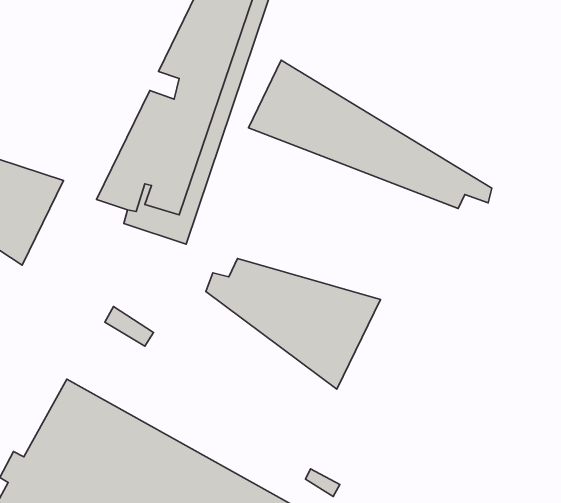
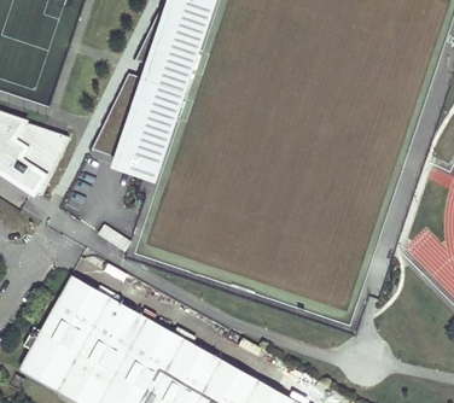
building: [248,60,492,208] -> none
building: [206,258,380,389] -> none

